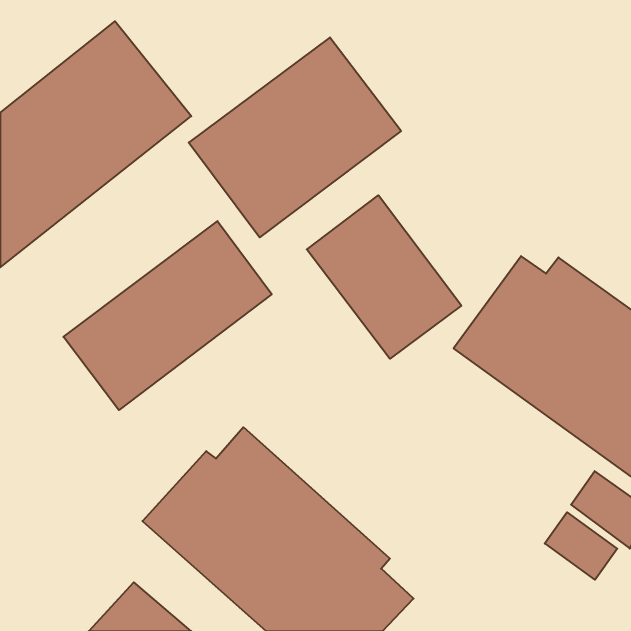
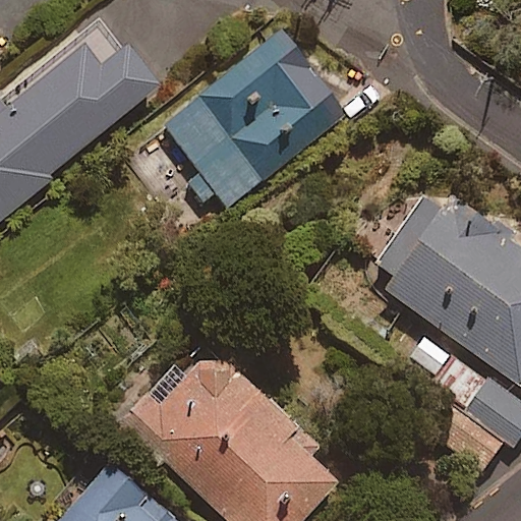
building: [307,195,461,359] -> none
building: [63,221,272,410] -> none

